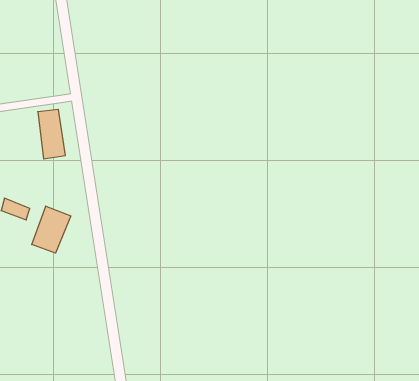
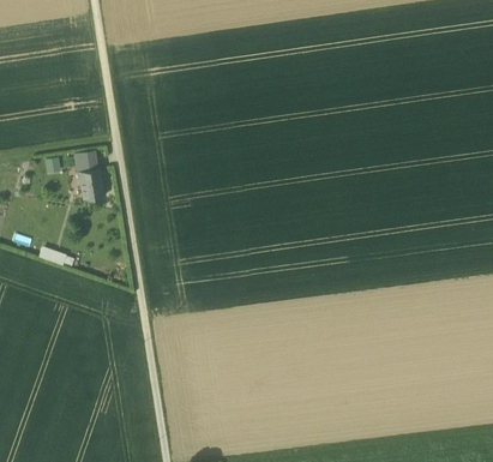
building: [32,206,71,253] -> none

